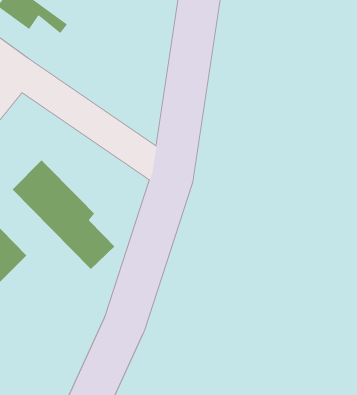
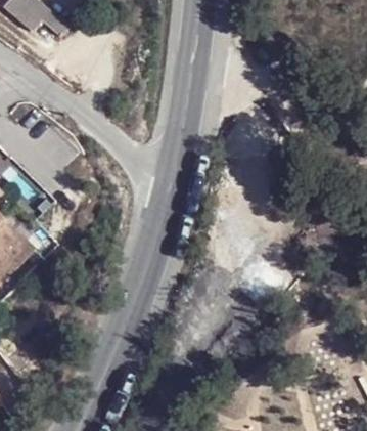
building: [12,160,115,270] -> none

